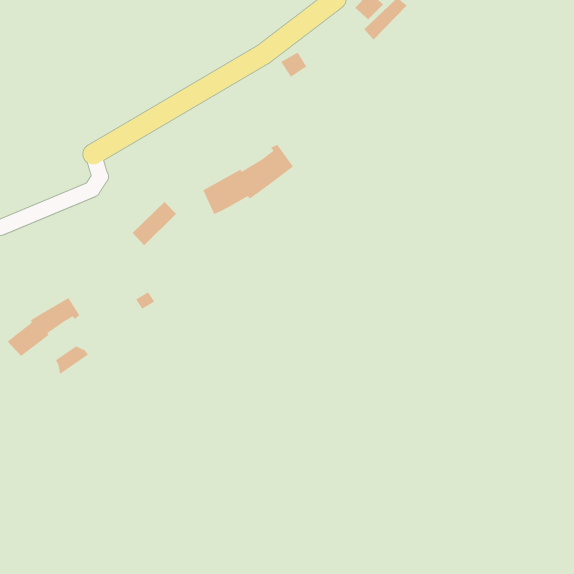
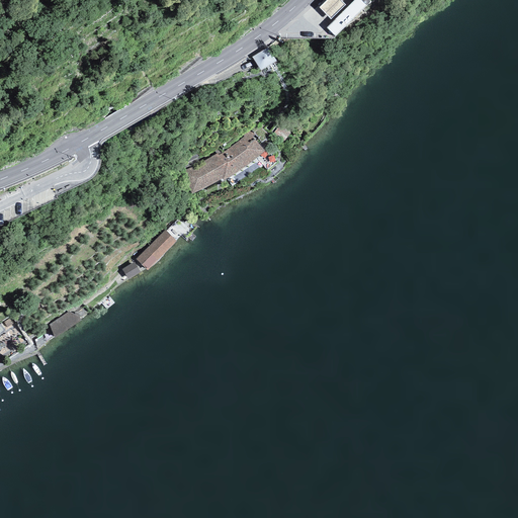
building: [132,201,177,246] -> [137,230,177,270]
building: [7,297,80,357] -> none

